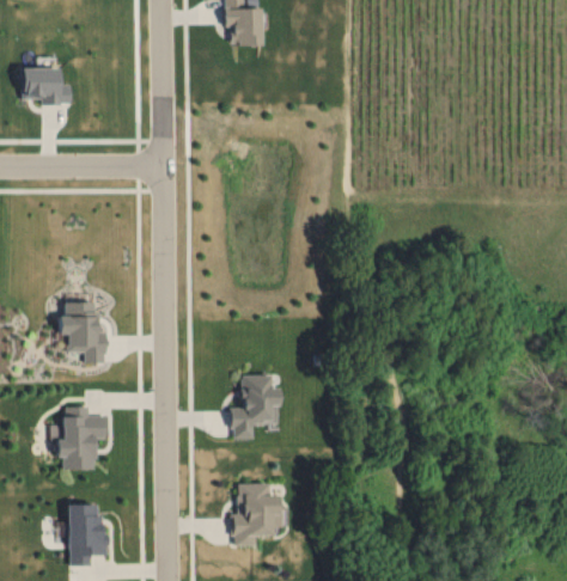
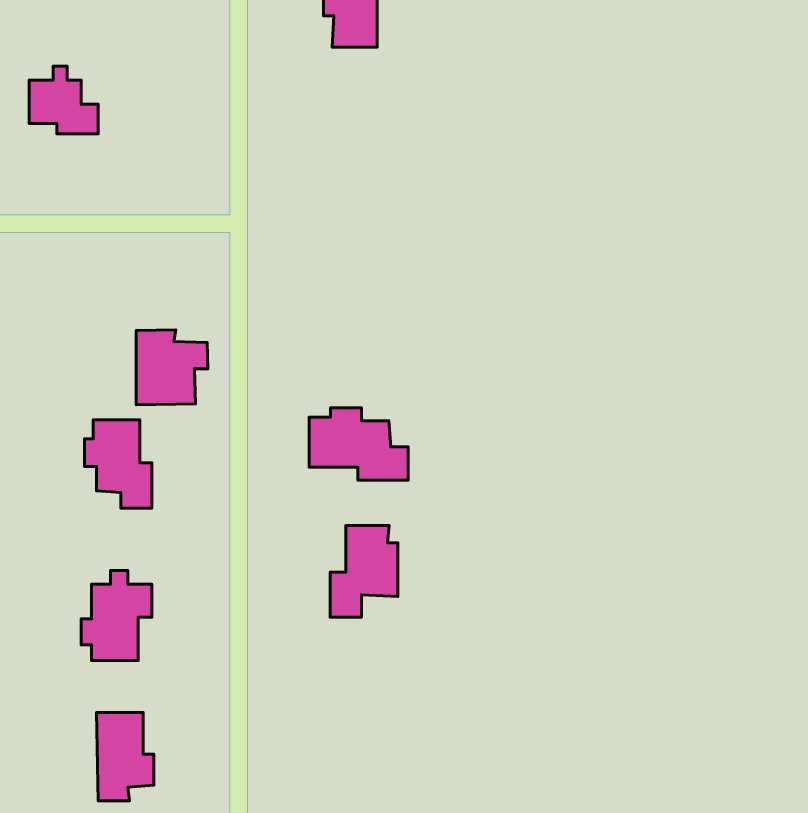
building: none -> [136,330,208,405]
building: none -> [309,408,408,480]
building: [231,483,278,545] -> none

